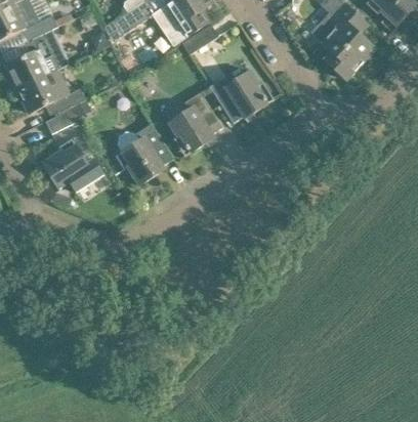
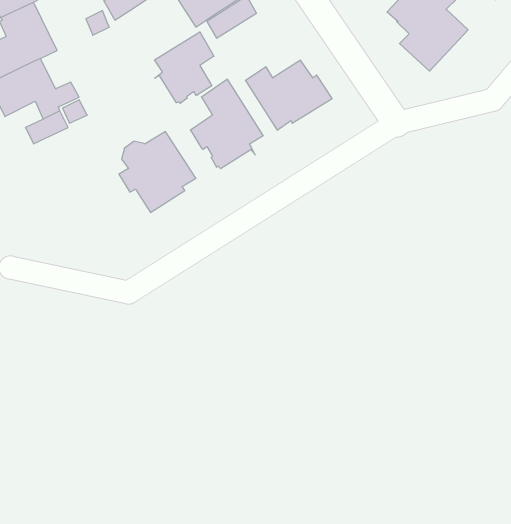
building: none -> [155,32,214,103]
building: [43,138,104,192] -> none

